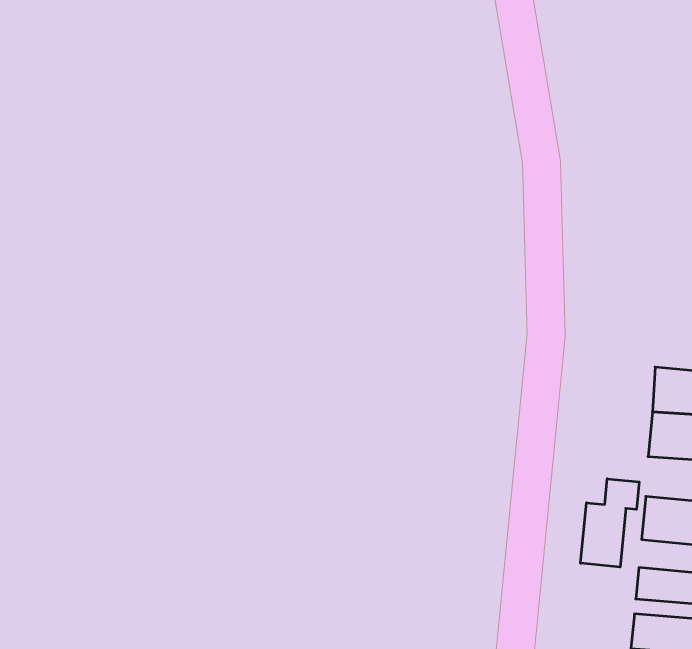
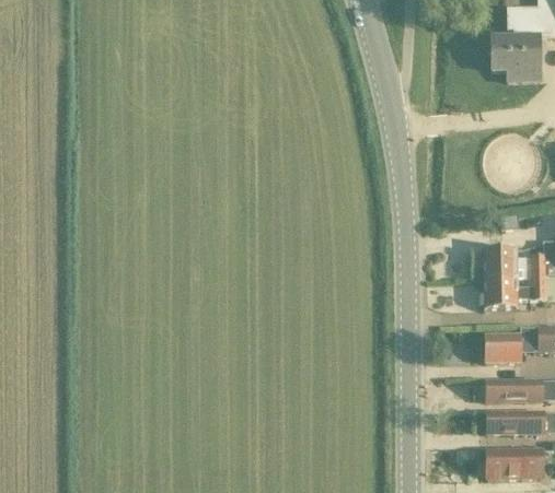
building: [581,479,639,567] -> none

